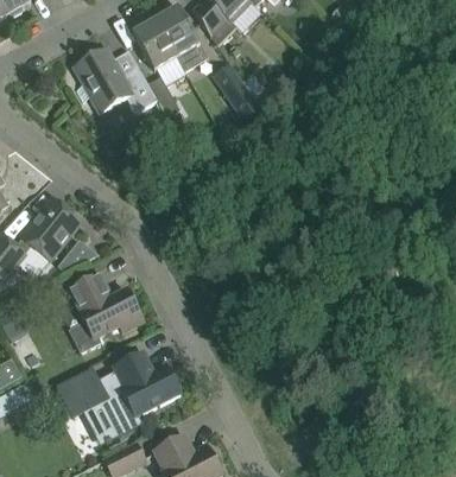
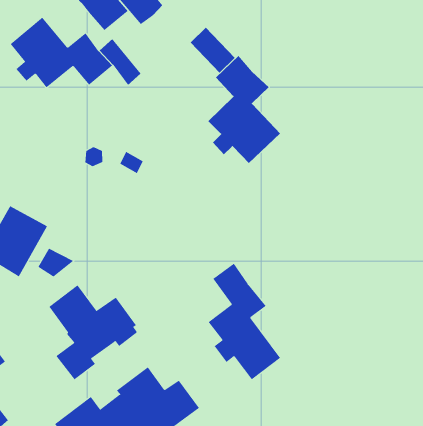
building: none -> [207,55,281,164]
building: none -> [208,263,281,380]

